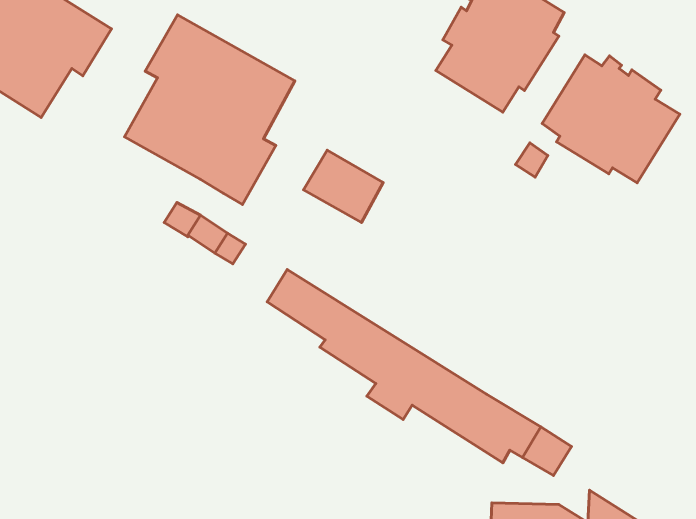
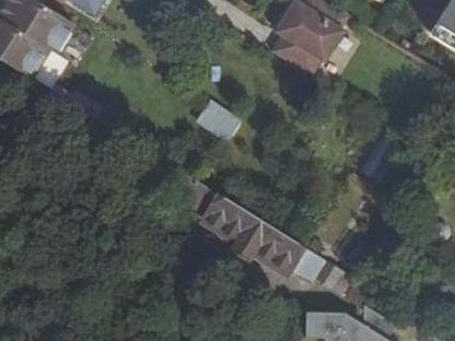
building: [124,15,295,205] -> none
building: [542,55,680,183] -> none

